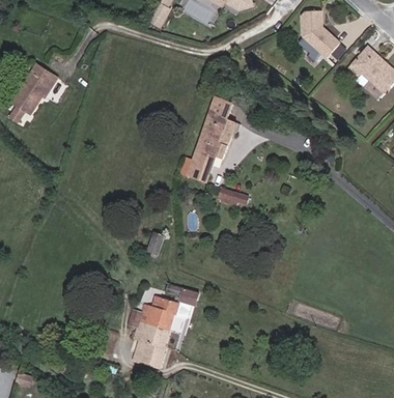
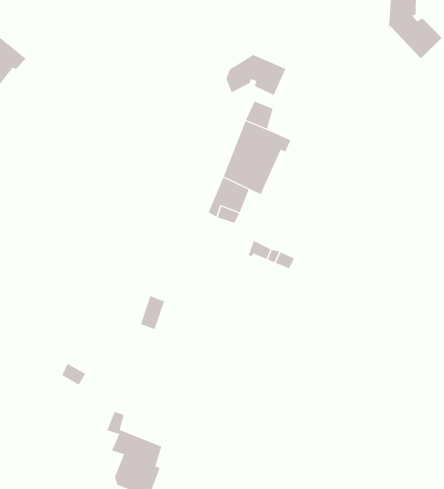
building: none -> [226,54,286,96]
building: [139,282,198,333] -> none

